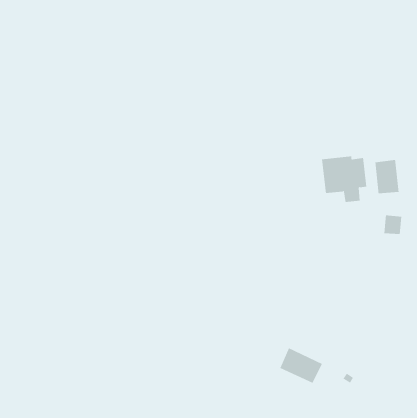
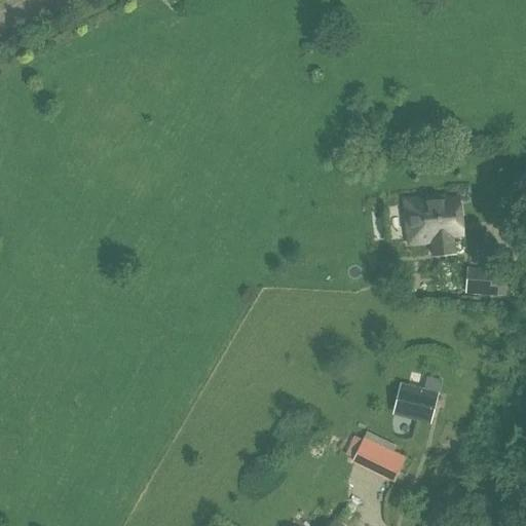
building: [375,159,399,194] -> none
building: none -> [392,384,436,421]

